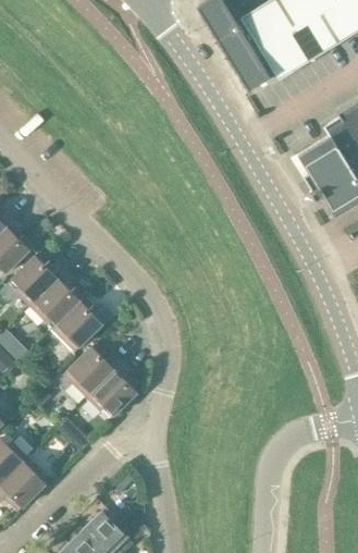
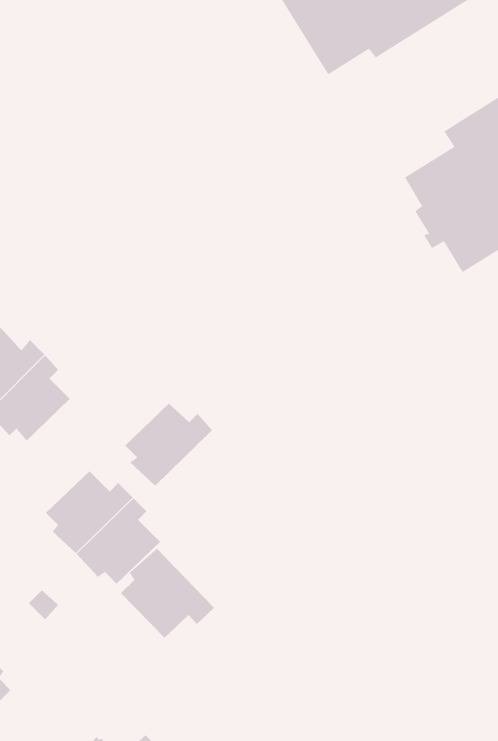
building: [55,297,112,351] -> [124,403,213,486]
building: none -> [120,548,215,638]

